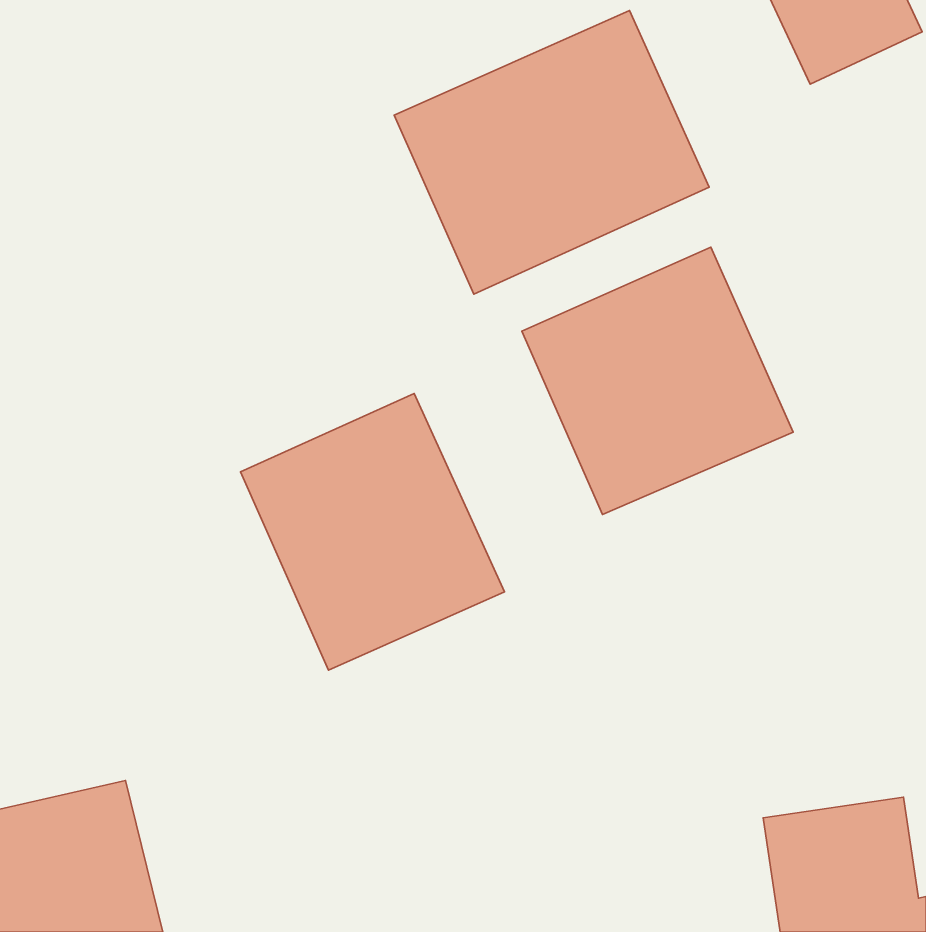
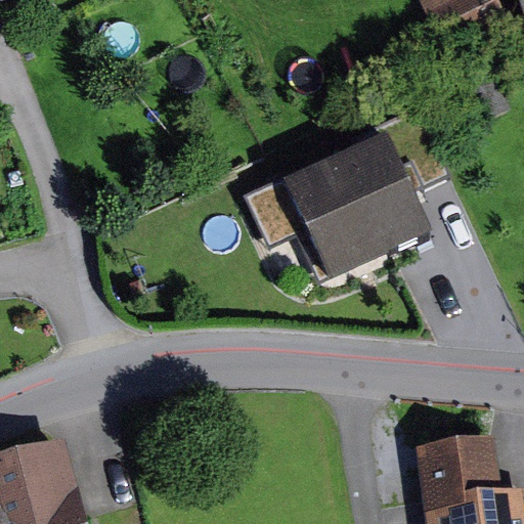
building: [394,11,709,294] -> none
building: [240,394,505,670] -> none

